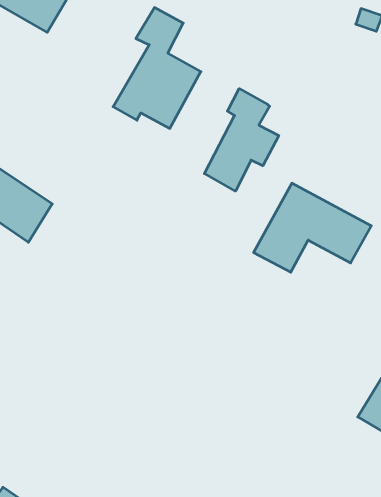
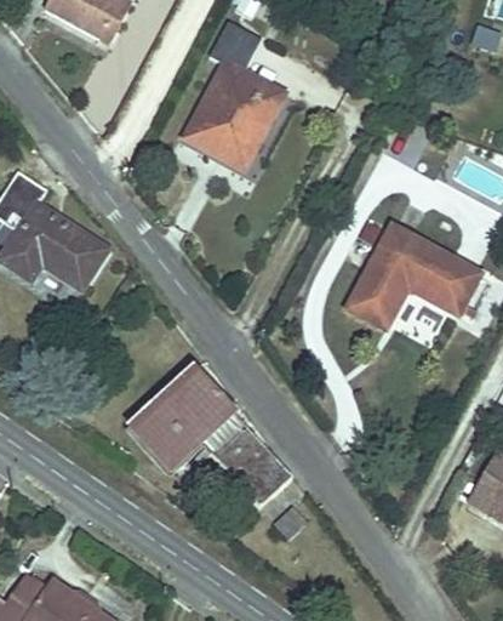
building: [204,89,279,191] -> none
building: none -> [128,369,288,508]

